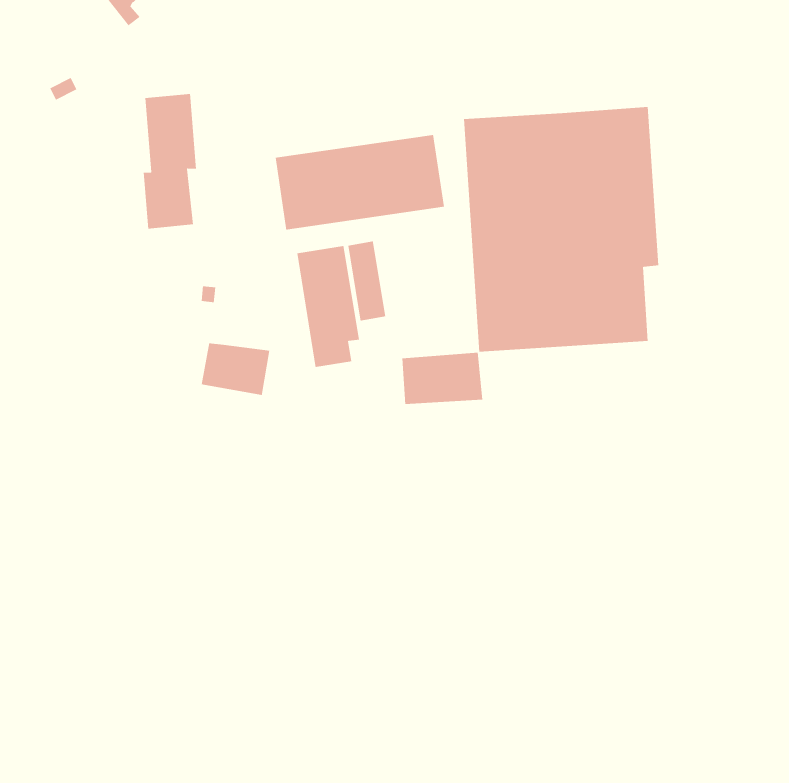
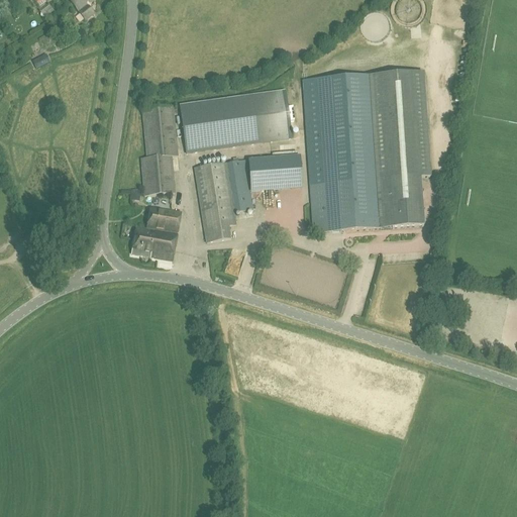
building: [143,93,197,229] -> [141,104,177,193]
building: none -> [146,204,181,229]
building: [401,352,483,405] -> [248,153,302,188]

